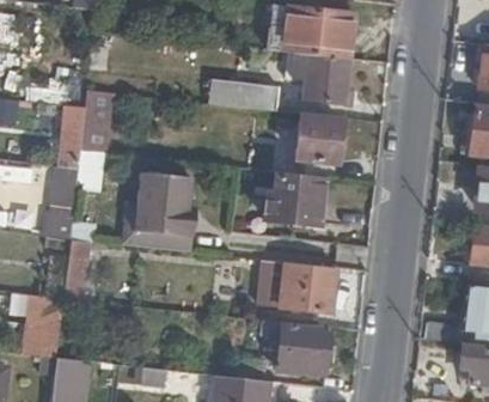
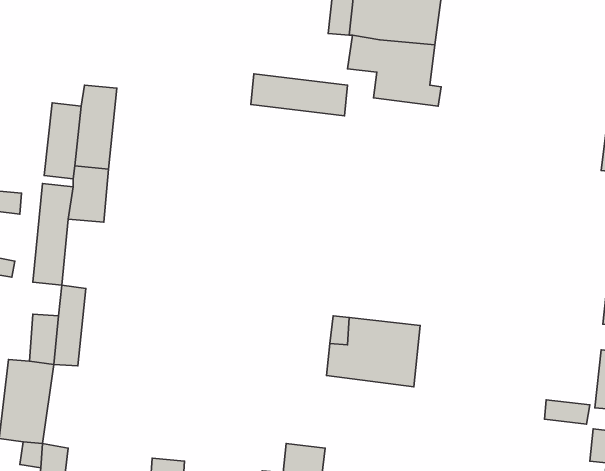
building: [294,118,343,165] -> none
building: [121,171,192,250] -> none
building: [265,177,324,226] -> none
building: [279,322,330,370] -> none

